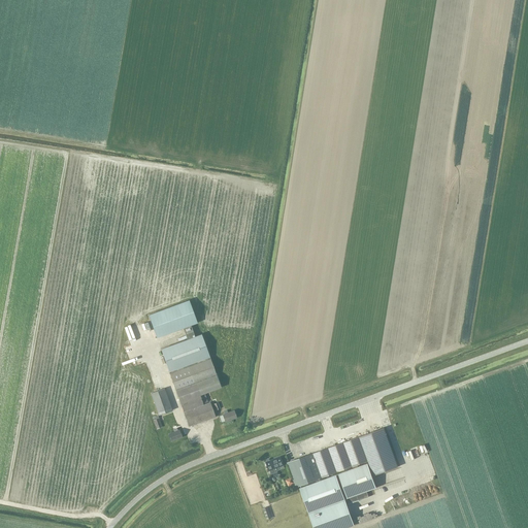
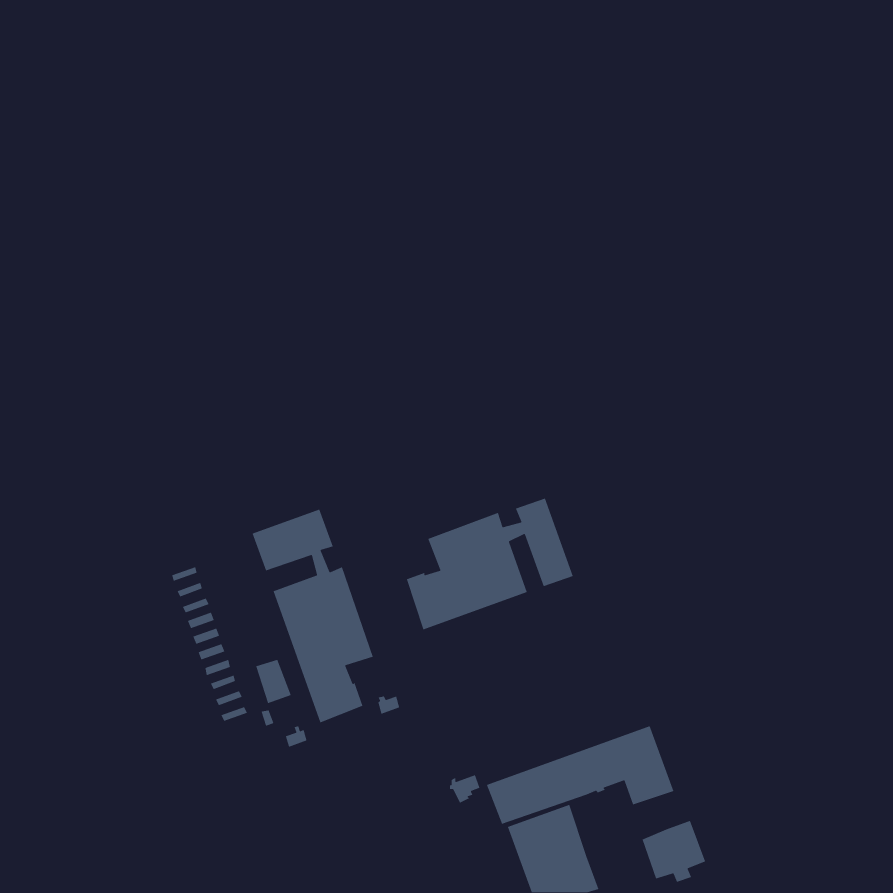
building: none -> [406,497,574,630]
building: [338,463,376,500] -> [641,820,706,883]

